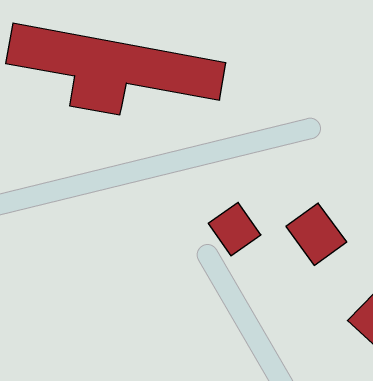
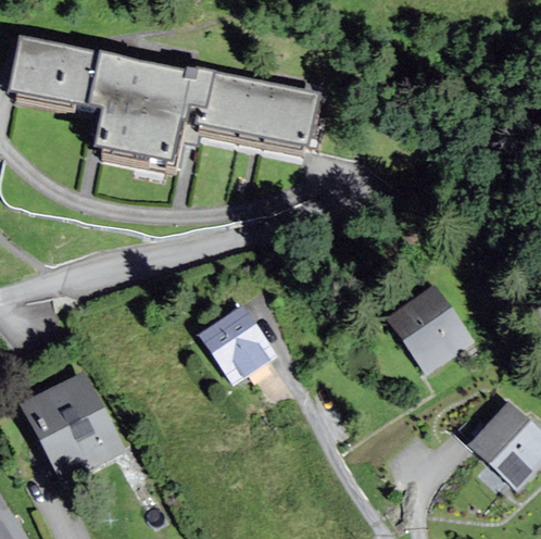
building: [208,202,261,256] -> [201,305,272,377]
building: none -> [22,371,121,477]

